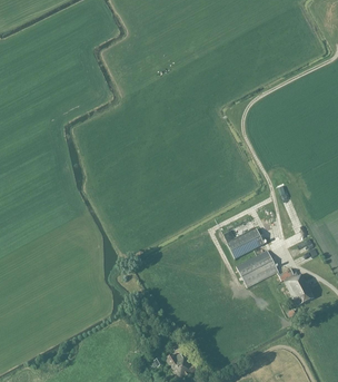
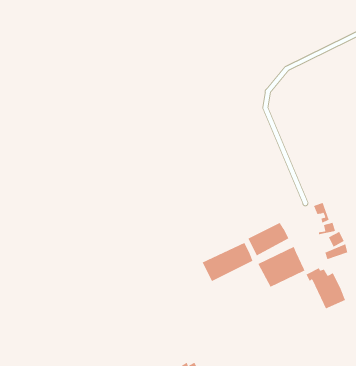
building: none -> [202,242,253,282]

